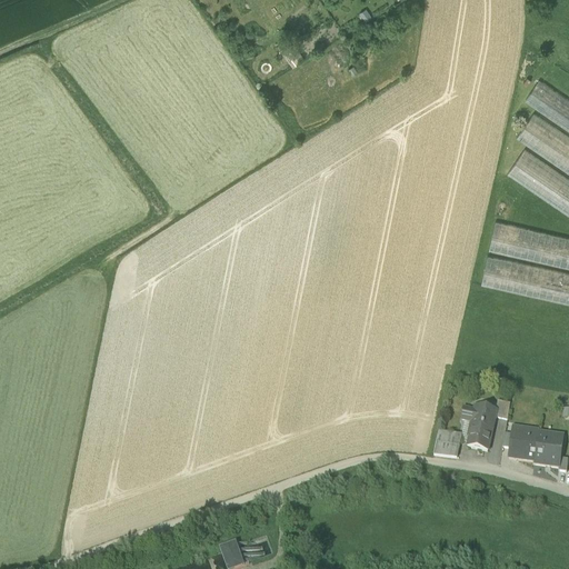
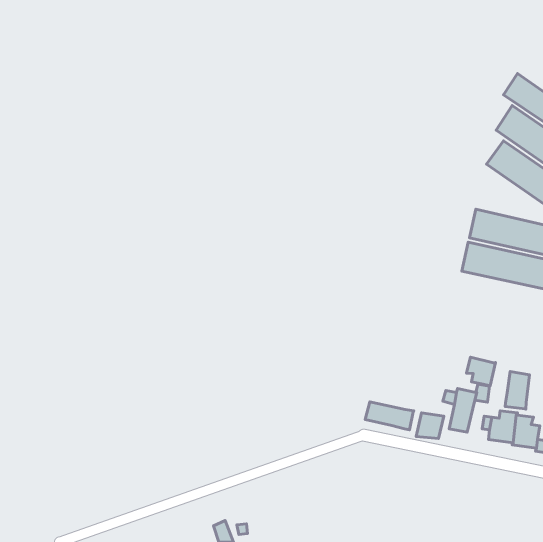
building: none -> [467,357,496,386]
building: none -> [505,372,530,409]
building: none -> [365,402,414,430]

